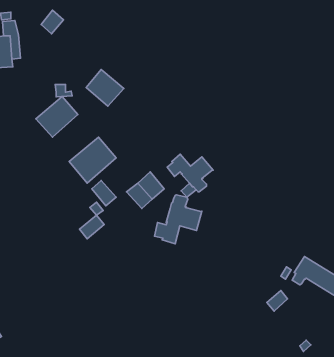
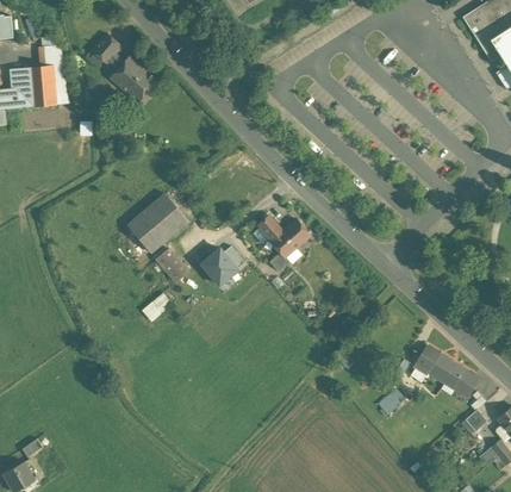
building: [86,70,124,106] -> [111,55,158,101]
building: [36,96,78,137] -> none
building: [154,195,202,244] -> none

